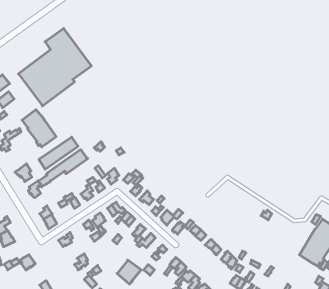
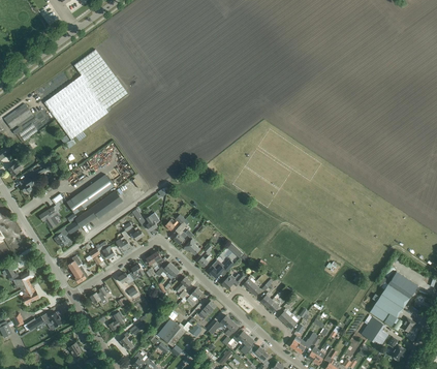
building: [22,110,56,147] -> none
building: none -> [362,315,388,347]

